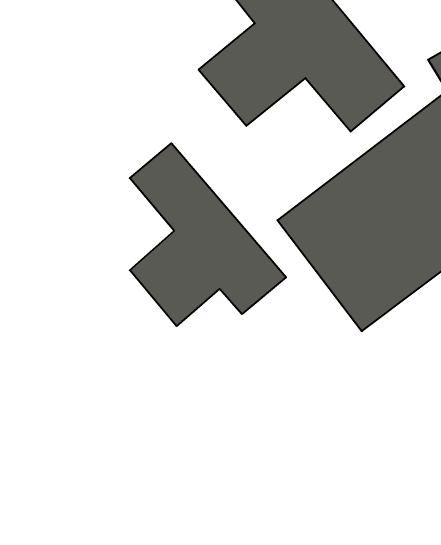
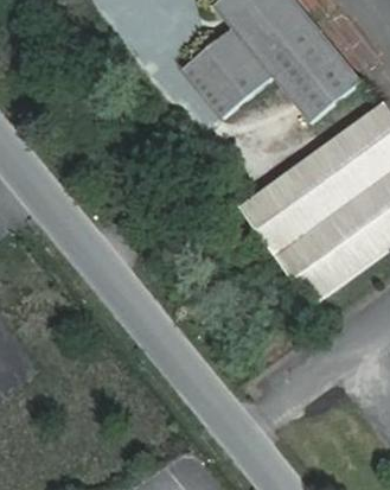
building: [130,143,286,326] -> none

